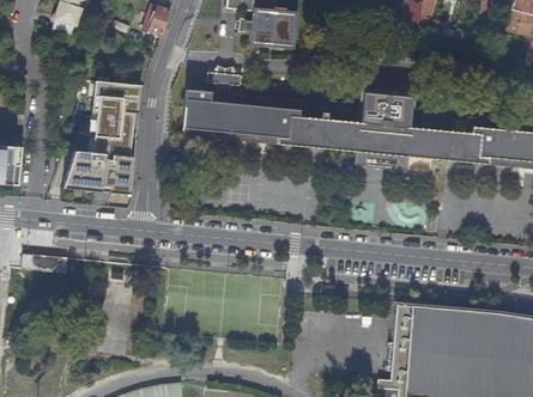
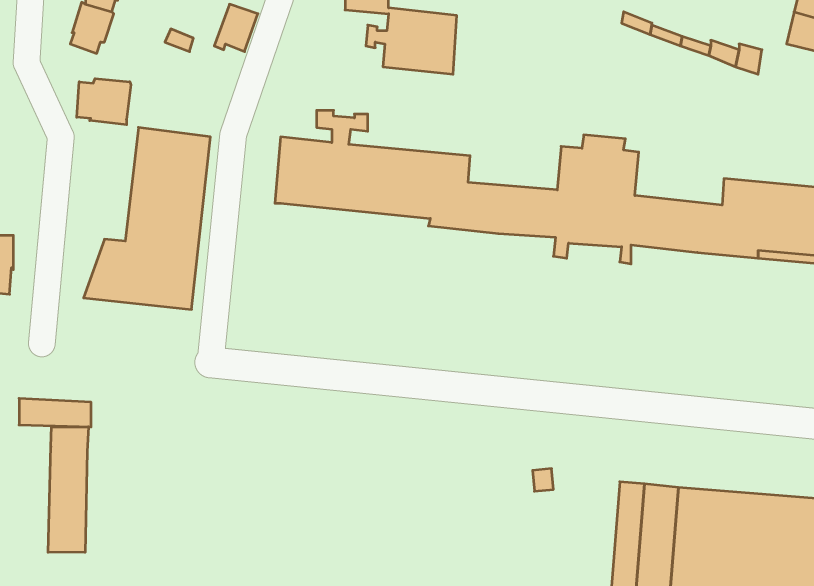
building: none -> [77,79,131,125]
building: none -> [48,427,88,552]

